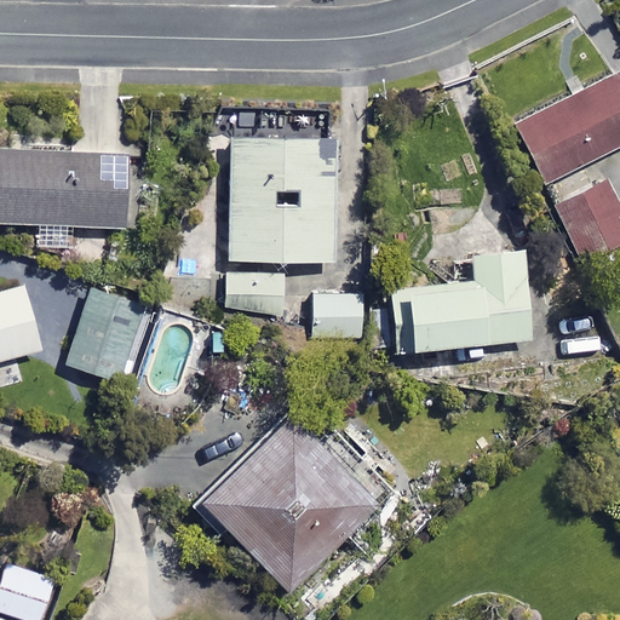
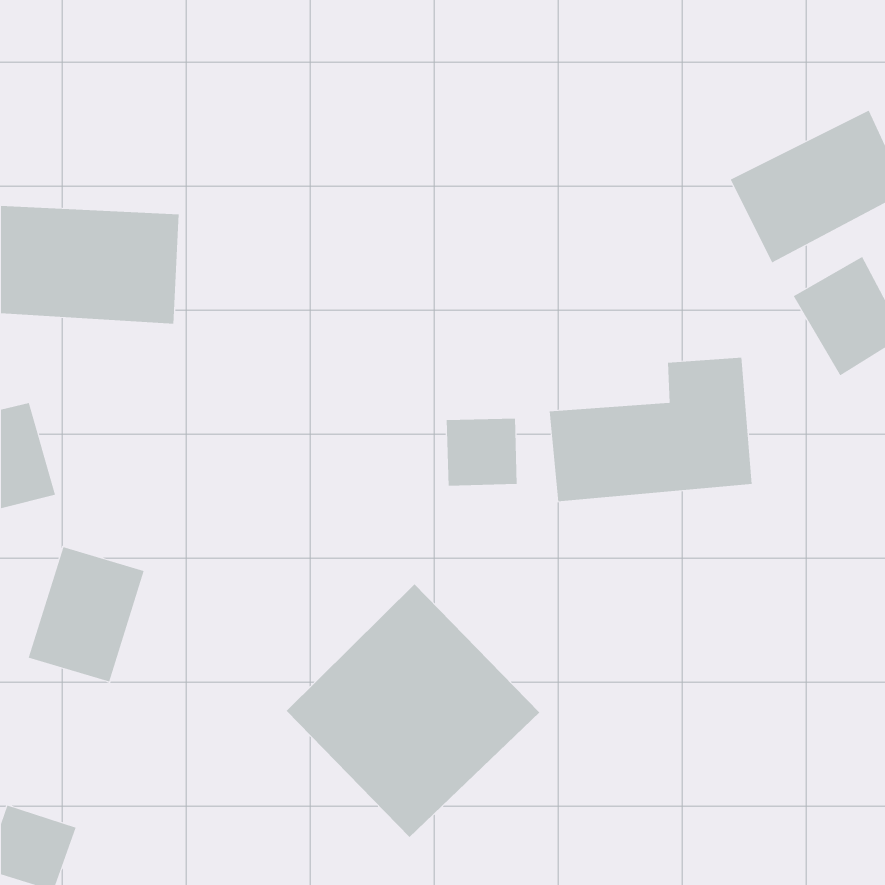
building: [229,140,332,263] -> none
building: [225,272,285,315] -> none
building: [68,287,149,381] -> [28,546,145,682]

